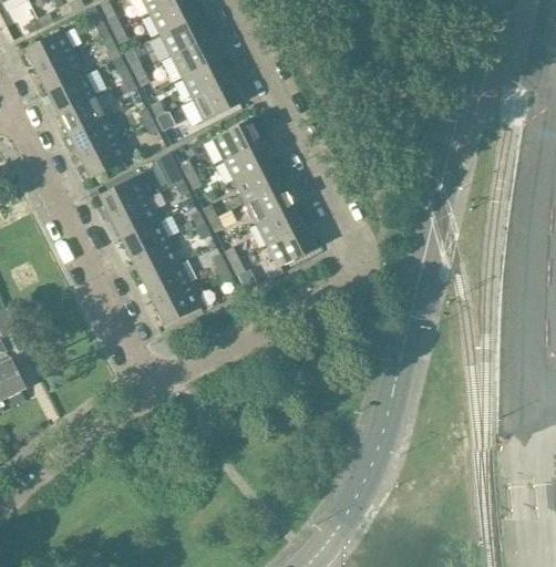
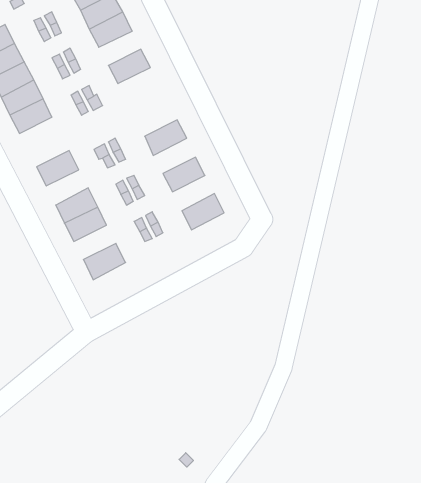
building: [169,38,218,78] -> none
building: [192,80,240,122] -> none
building: [210,118,260,159] -> none
building: [78,137,127,178] -> none
building: [233,162,281,203] -> none
building: [109,198,157,239] -> none
building: [255,205,303,246] -> none
building: [141,262,189,302] -> none

